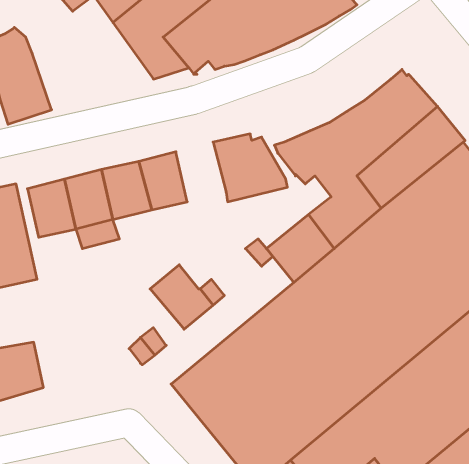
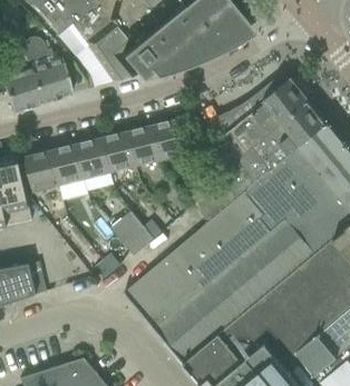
building: none -> [16,34,71,103]
building: none -> [127,126,162,167]

